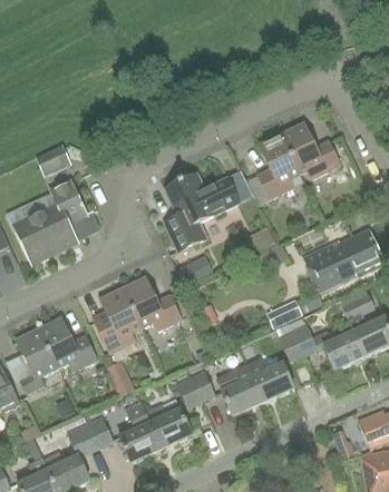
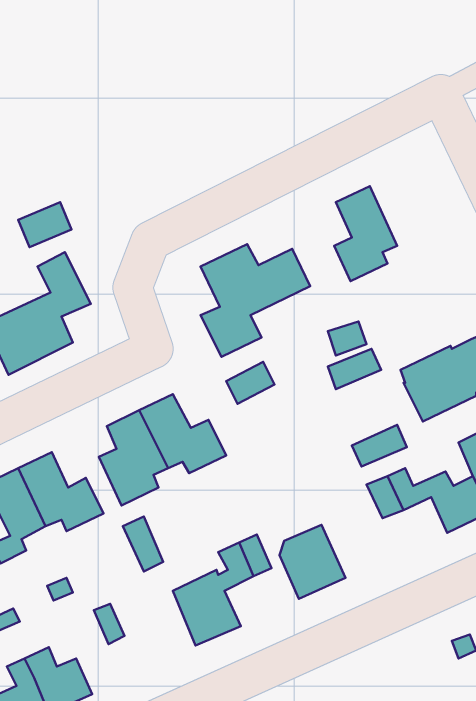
building: [281,120,340,175] -> none
building: [253,364,293,402] -> none
building: [119,400,161,463] -> none
building: [68,424,100,457] -> none

